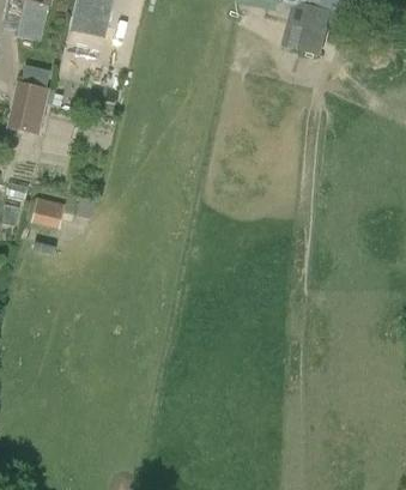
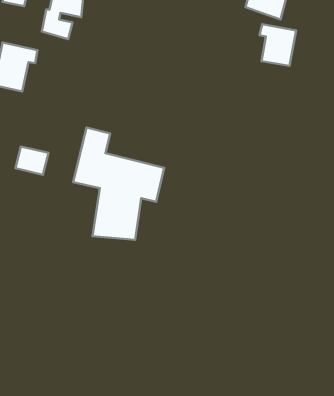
building: none -> [260,24,296,66]
building: none -> [73,127,164,240]

